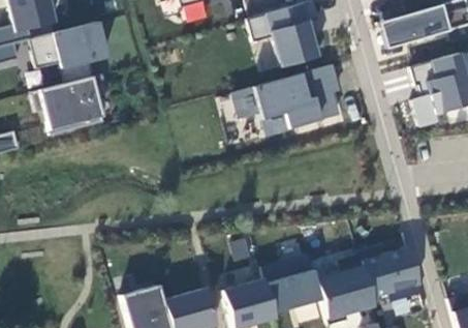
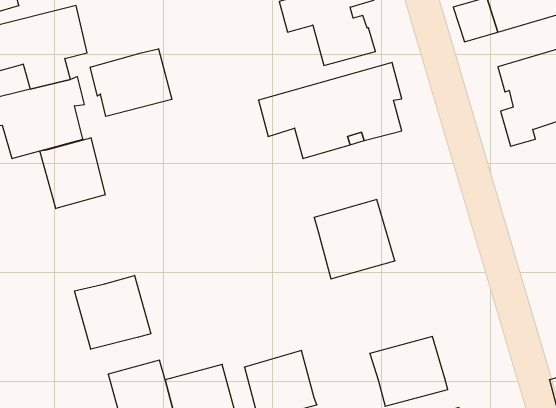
building: none -> [90,49,172,116]
building: none -> [40,138,105,209]
building: none -> [75,275,151,349]
building: [361,245,420,298] -> none
building: [262,254,322,312] -> [314,200,395,279]

